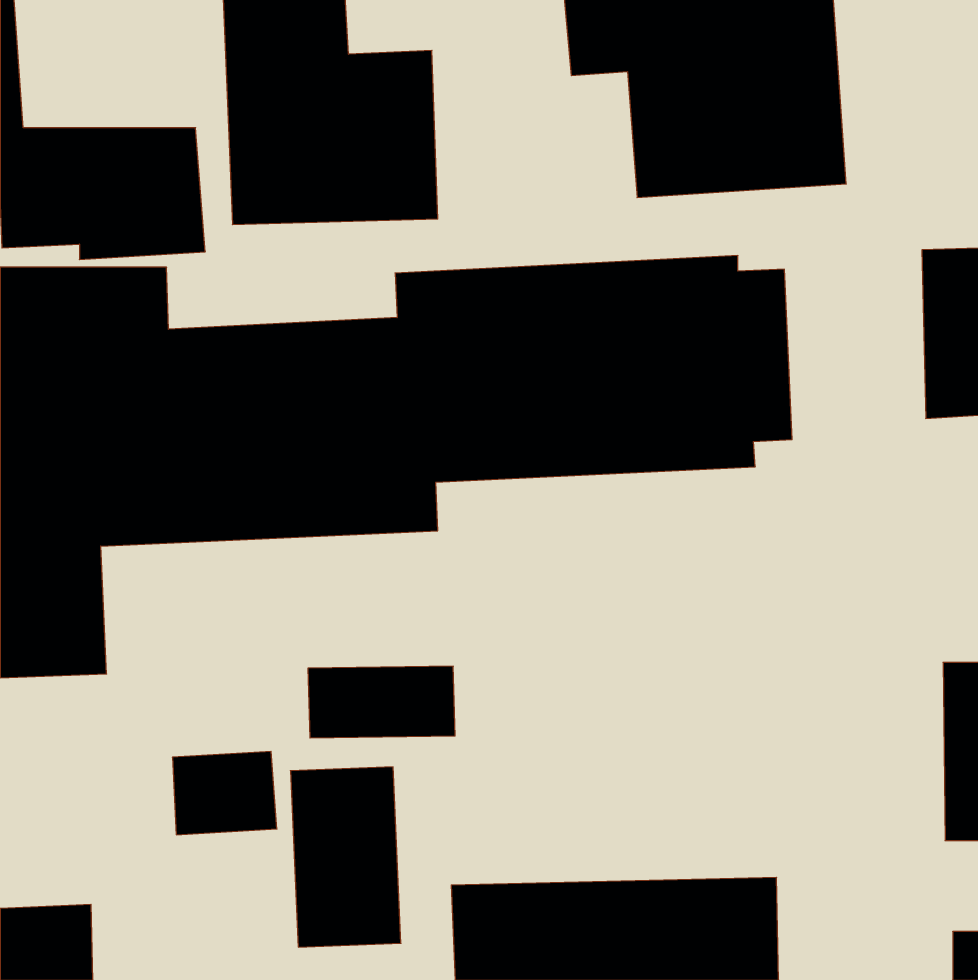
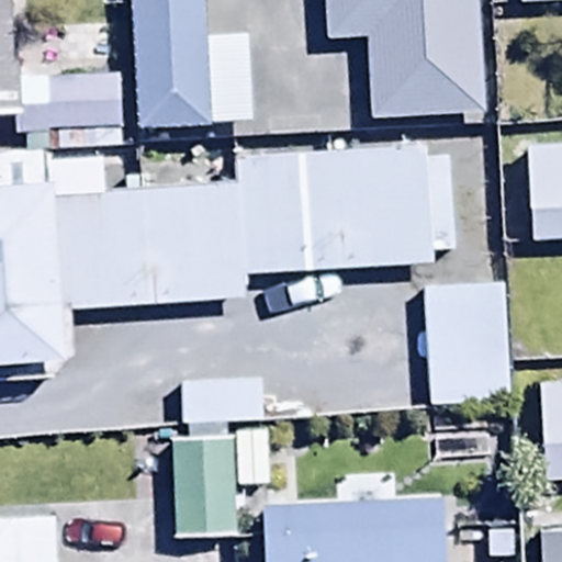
building: none -> [424,283,509,405]

